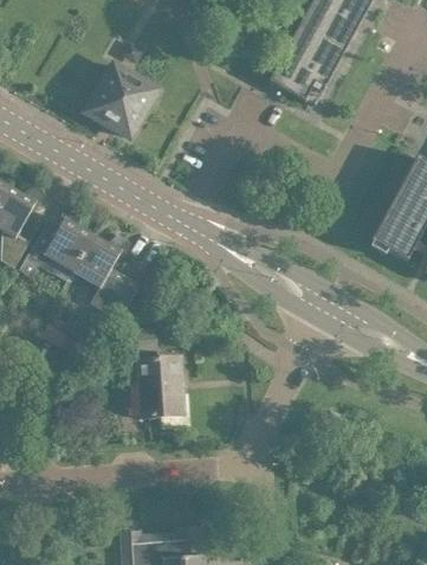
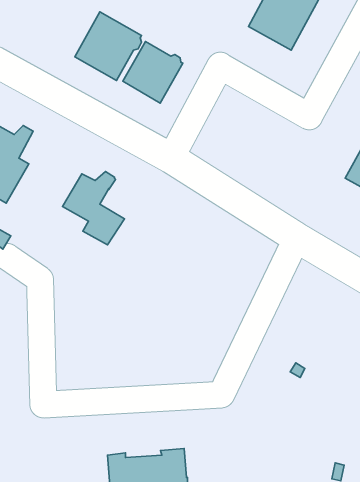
building: none -> [123,41,183,103]
building: [18,206,92,282] -> none
building: [123,328,181,418] -> none

